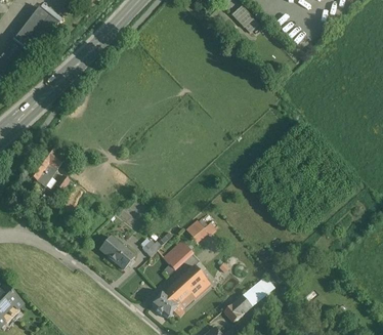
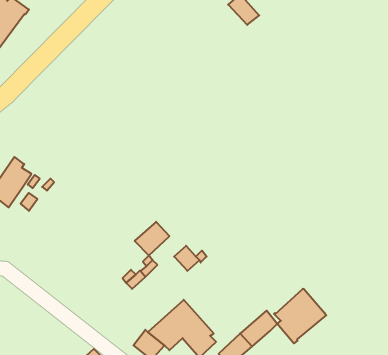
building: [99,236,134,268] -> none
building: [163,240,193,268] -> [135,222,169,255]
building: none -> [274,289,326,343]

